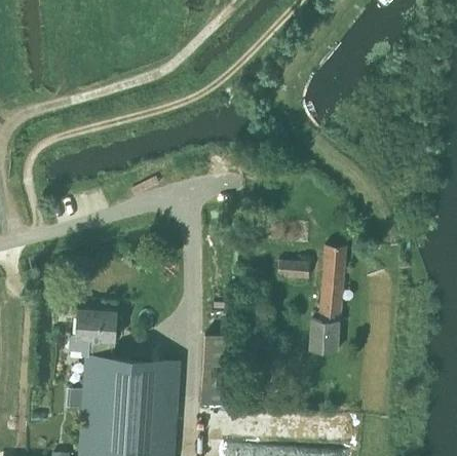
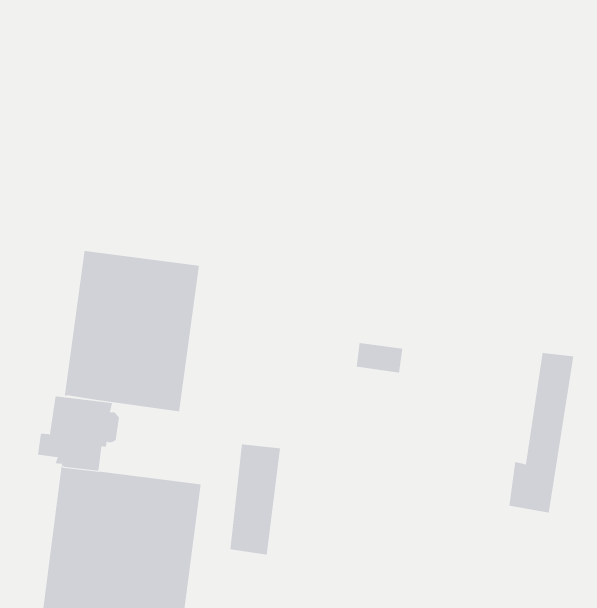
building: none -> [64,250,199,412]
building: [309,246,346,353] -> [508,353,574,513]

